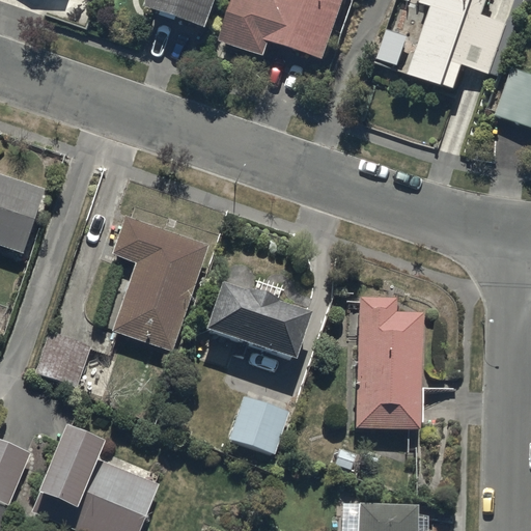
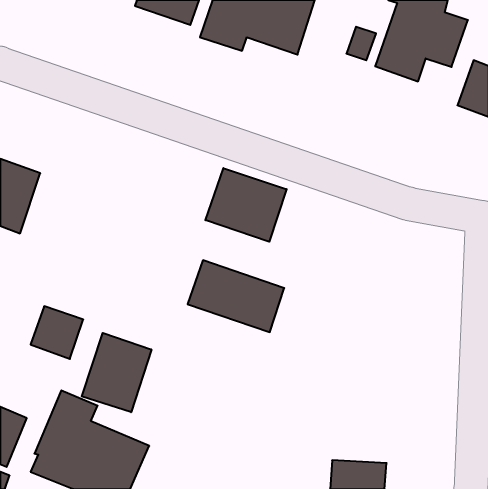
building: none -> [205,168,287,242]
building: [111,216,208,351] -> none
building: [354,295,422,428] -> none
building: none -> [82,333,151,412]
building: [228,397,288,454] -> none

